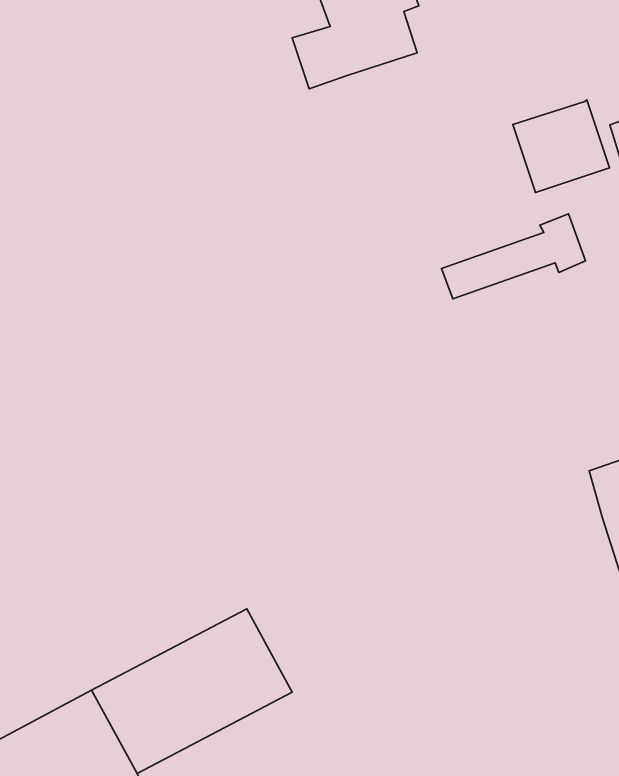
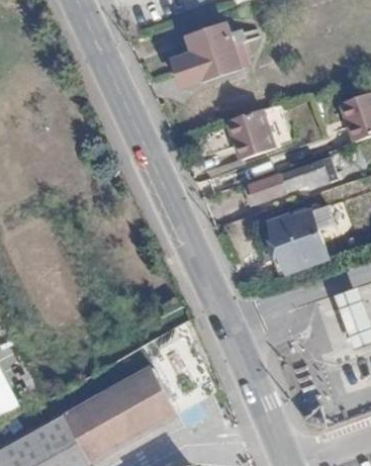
building: [513,100,609,192] -> [225,109,277,159]
building: none -> [266,206,331,275]

